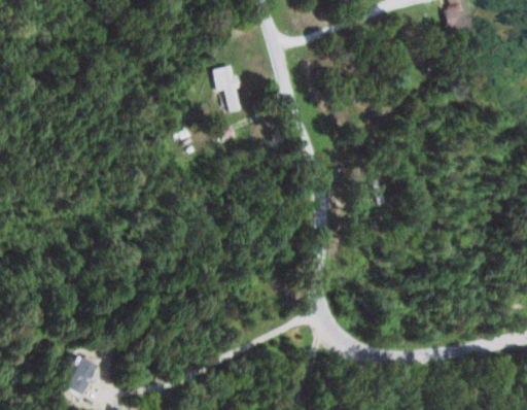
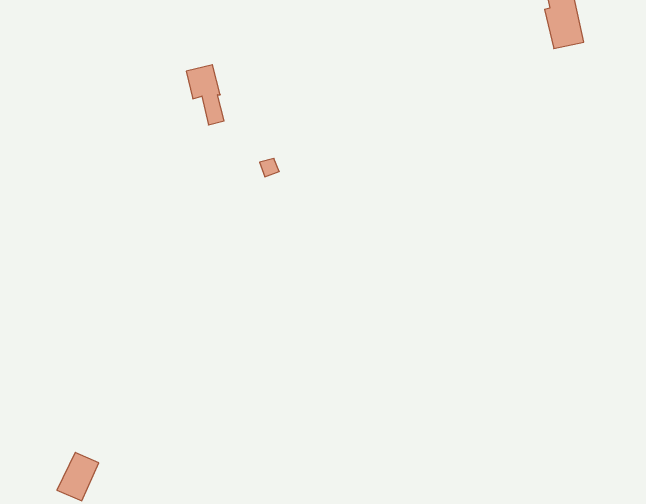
building: [212,64,242,111] -> [186,65,224,125]

